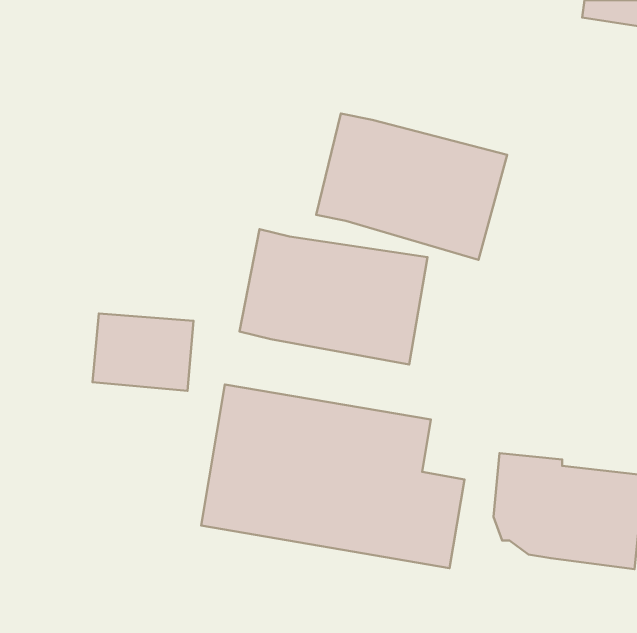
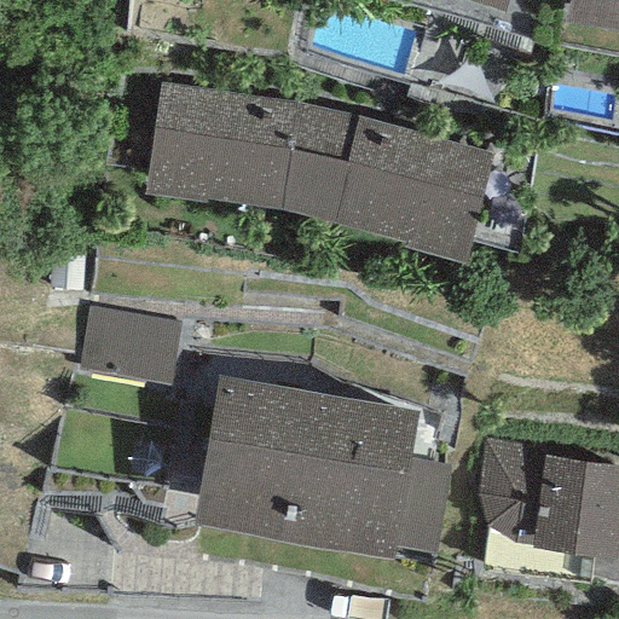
building: none -> [146,86,331,213]
building: [239,229,427,365] -> none

